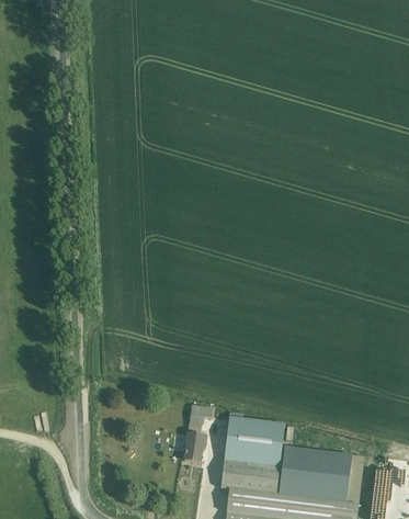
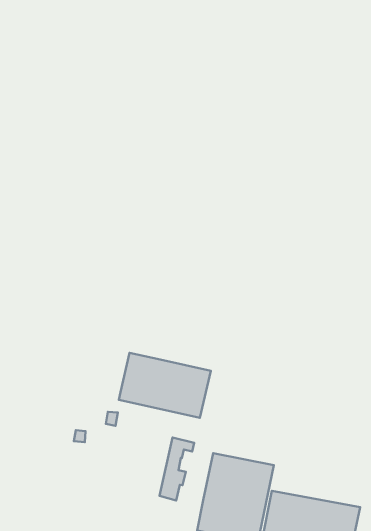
building: none -> [119,353,211,418]

